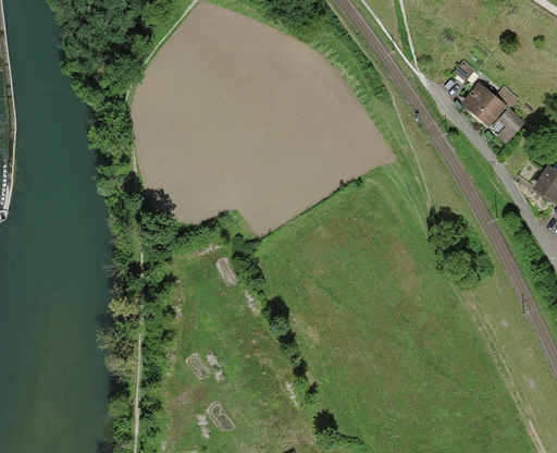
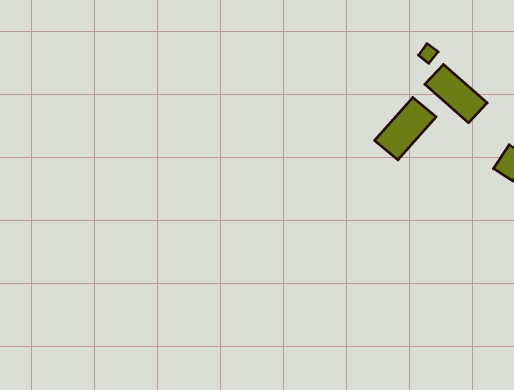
building: none -> [375,97,436,160]

